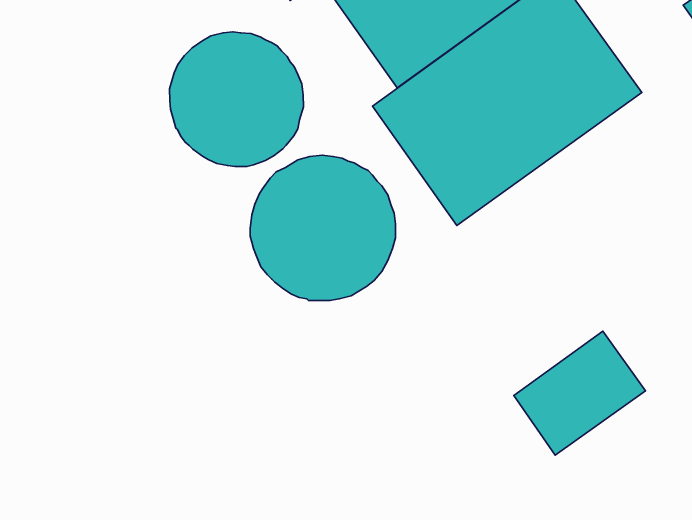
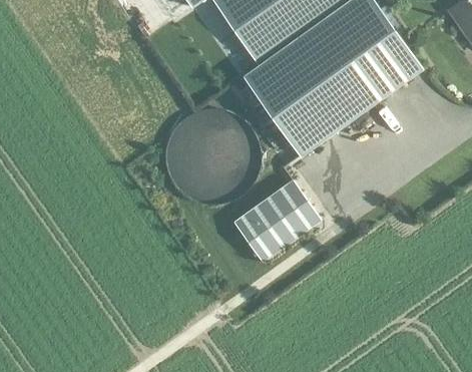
building: [170,32,304,167] -> none
building: [514,331,646,455] -> [234,180,321,262]

